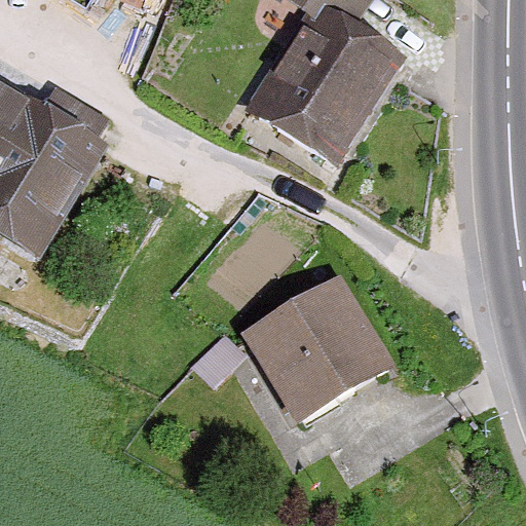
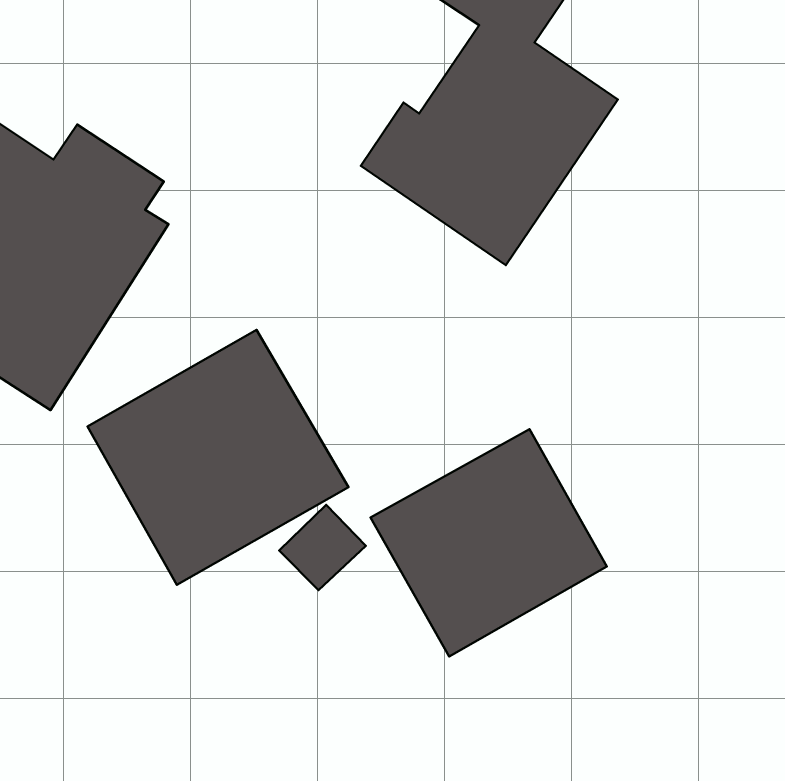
building: none -> [88,330,349,585]

